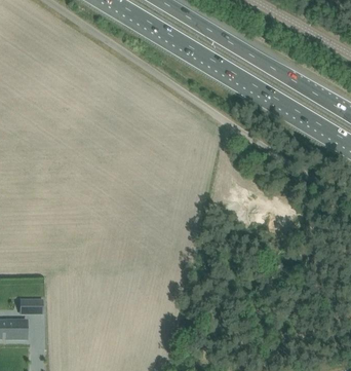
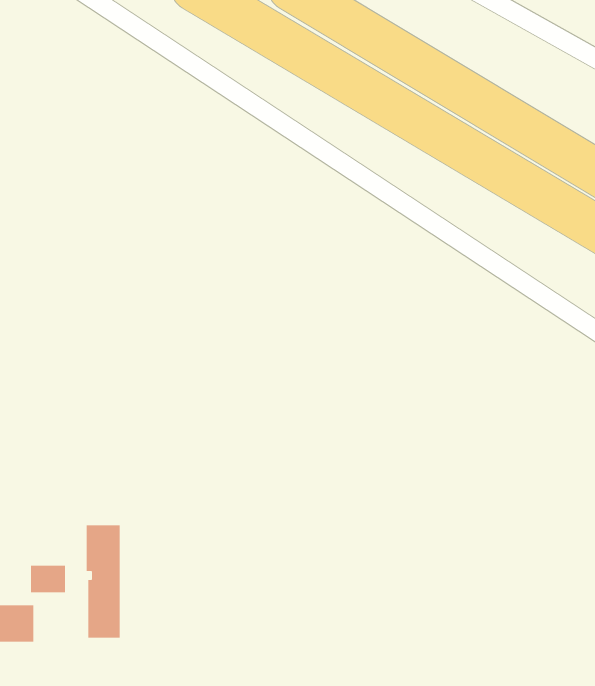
building: none -> [86,524,120,638]

